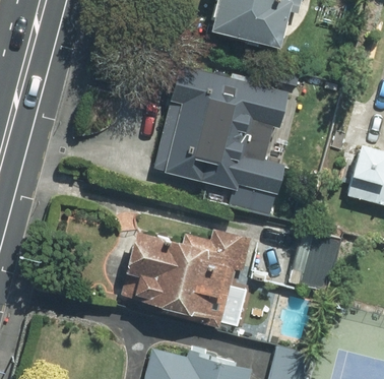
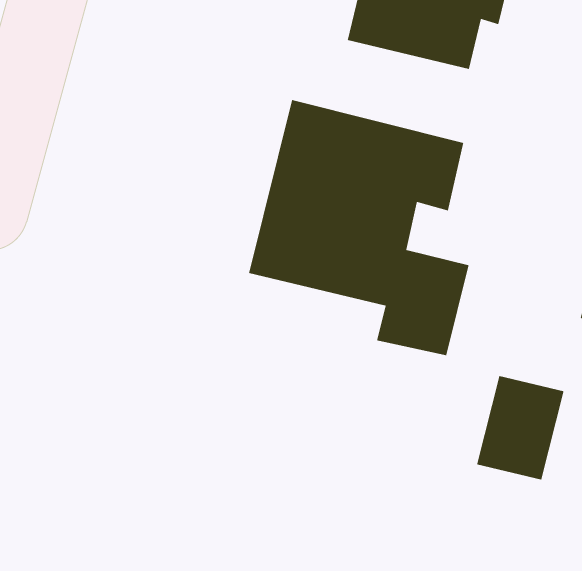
building: [120,231,251,328] -> none

